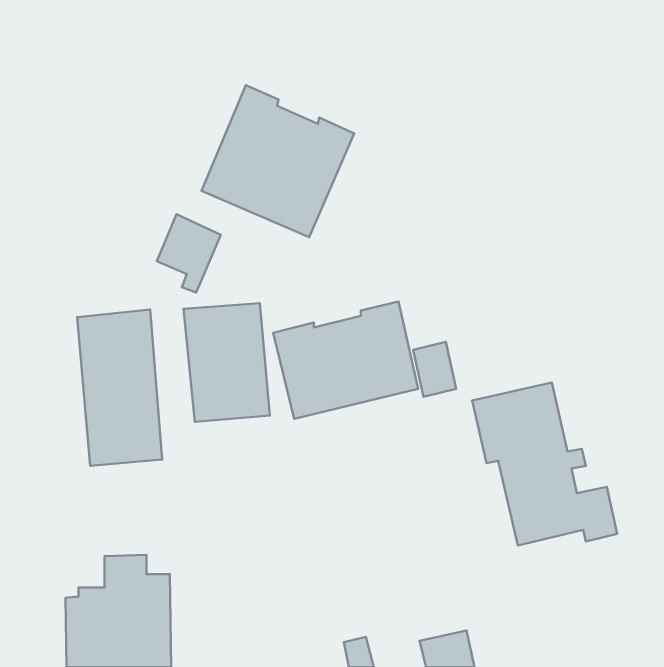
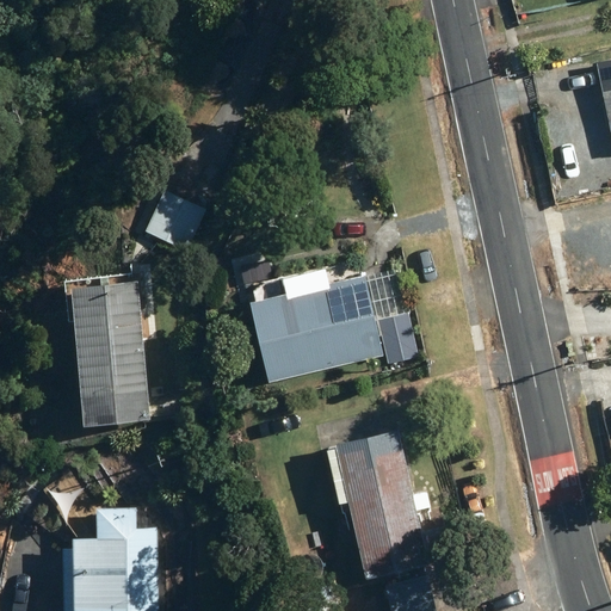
building: [202,85,354,237] -> none
building: [183,303,270,422] -> none
building: [472,382,617,546] -> [325,431,457,580]

